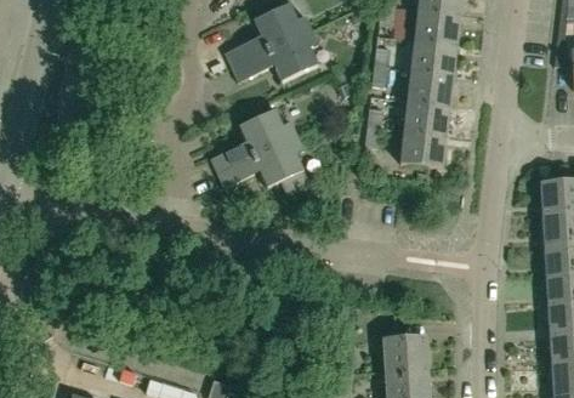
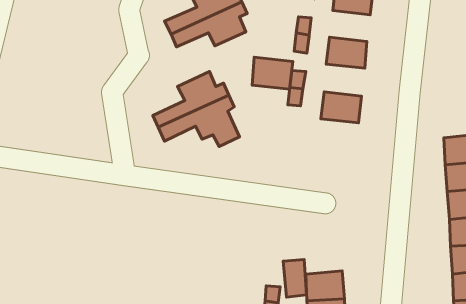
building: [410,39,456,74] -> none
building: [404,100,450,136] -> [252,57,293,89]
building: none -> [283,260,307,297]

